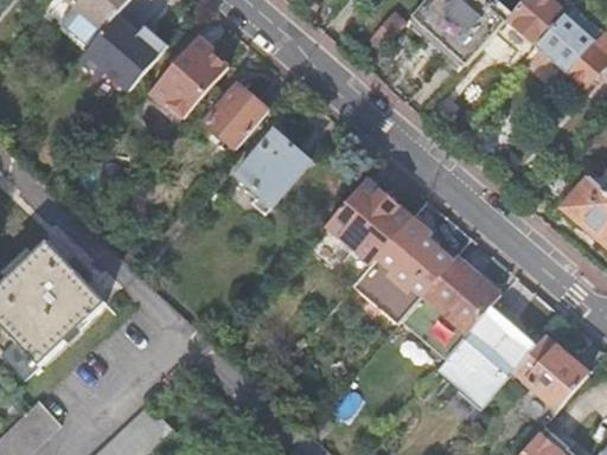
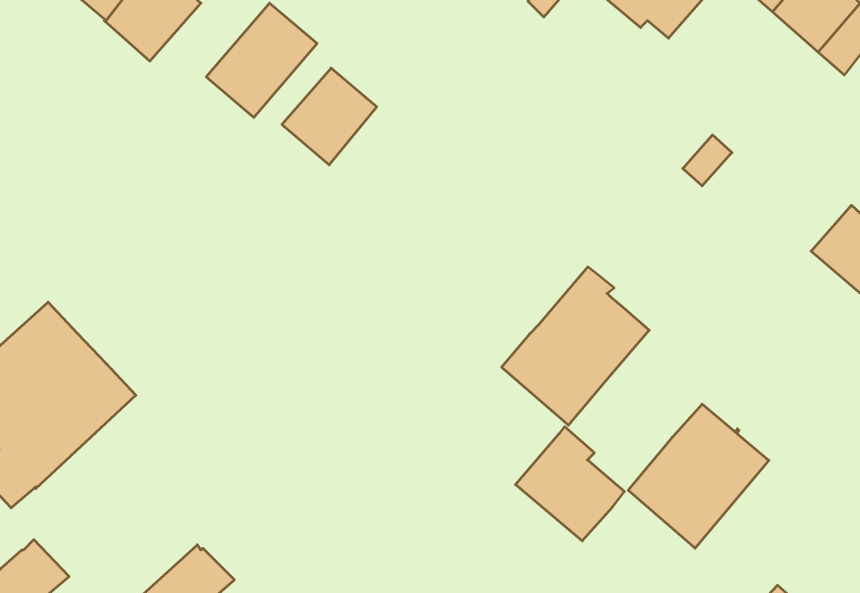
building: [237,129,311,203] -> none
building: [327,178,411,262] -> none
building: [423,255,497,332] -> [515,427,624,541]
building: [515,335,589,408] -> none

